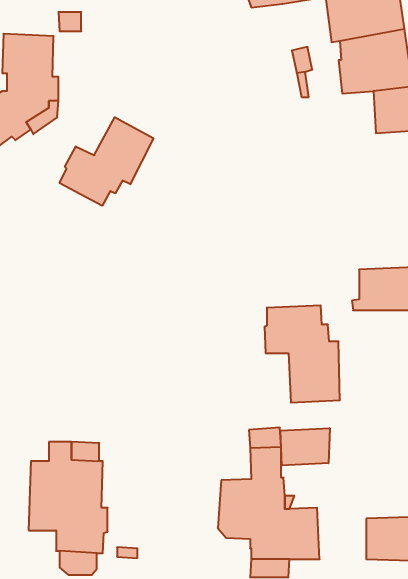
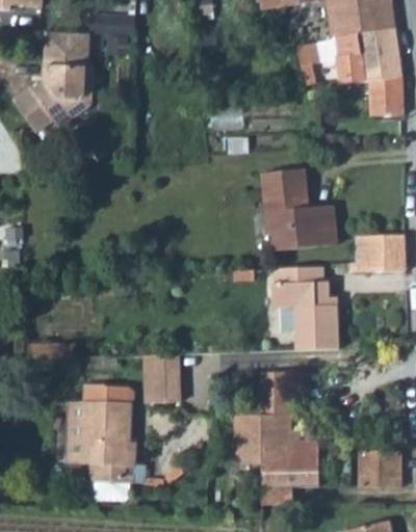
building: [60,117,153,206] -> none
building: none -> [262,168,336,250]
building: none -> [145,352,179,401]
building: [281,428,330,465] -> none

